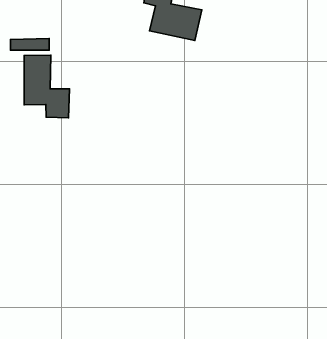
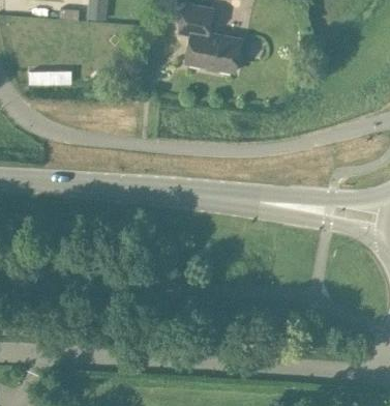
building: [24,55,69,118] -> none

